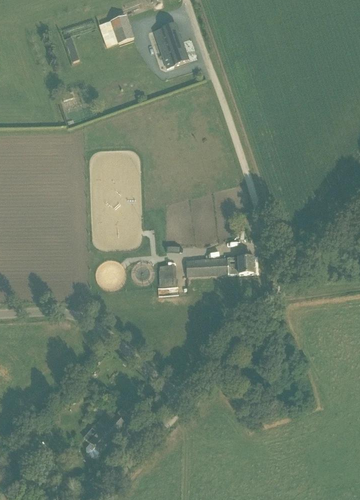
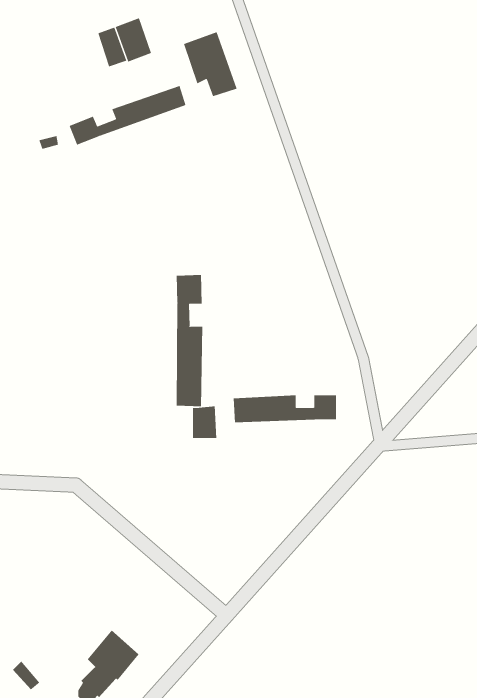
building: none -> [69,85,186,145]
building: none -> [176,274,203,407]

